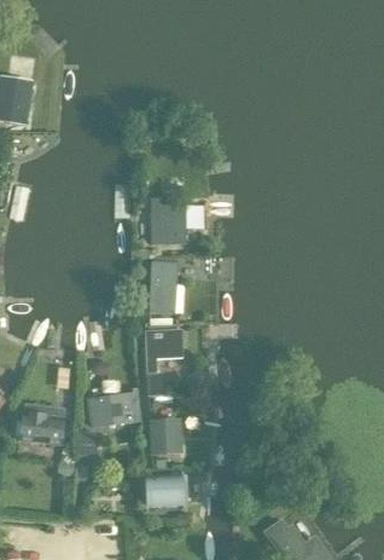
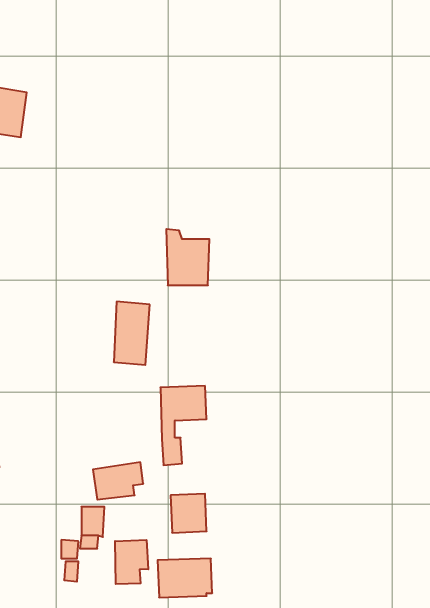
building: [146,260,176,313] -> [114,302,150,365]
building: [19,414,63,444] -> none
building: none -> [115,540,148,584]

